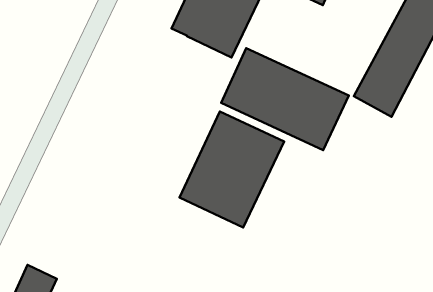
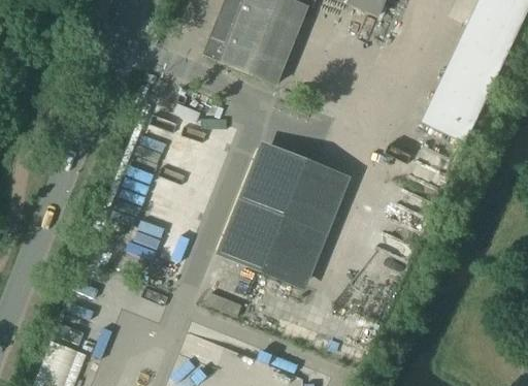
building: [221,48,349,150] -> none

